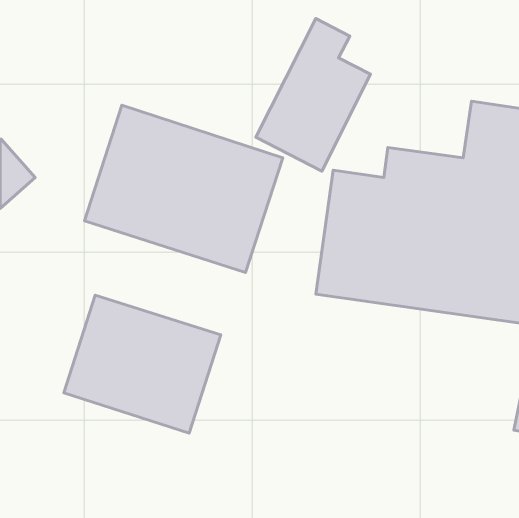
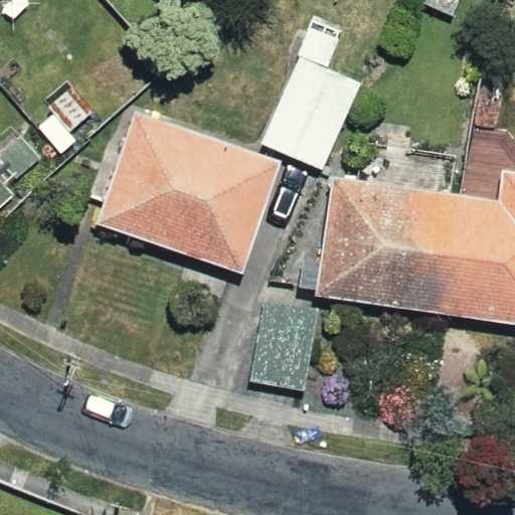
building: [64,295,221,433] -> none
building: none -> [247,303,324,396]

